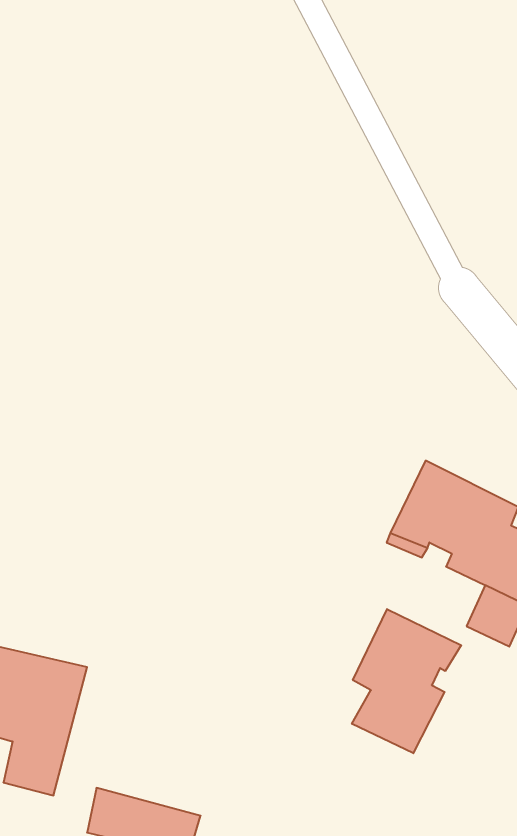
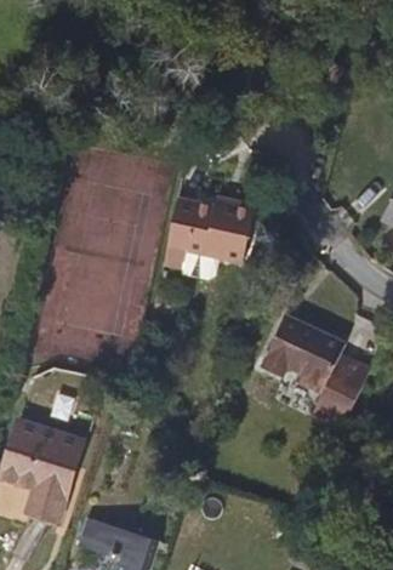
building: none -> [155,179,246,250]
building: [352,609,461,753] -> none

